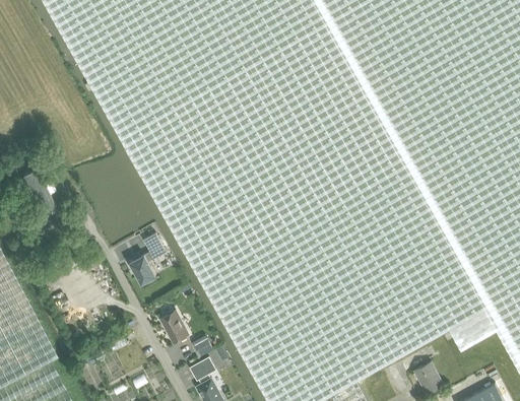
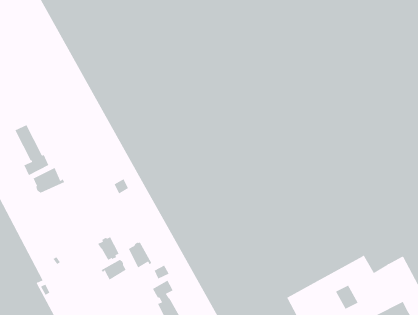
building: none -> [33,167,65,194]
building: [128,253,155,282] -> [97,236,120,260]
building: none -> [101,259,126,280]

